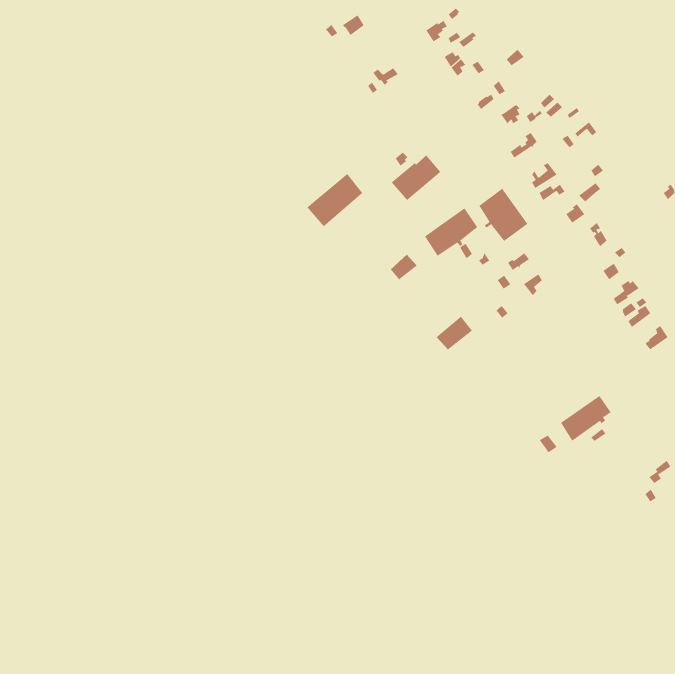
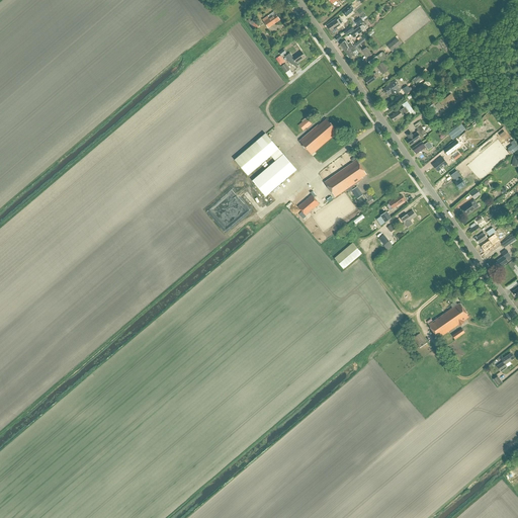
building: [478,188,528,242] -> none
building: none -> [252,154,296,195]

